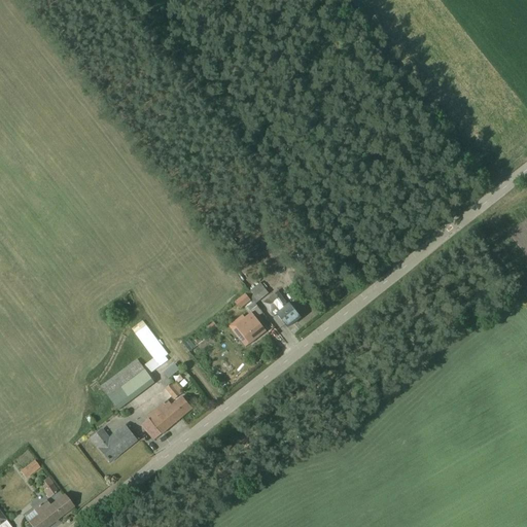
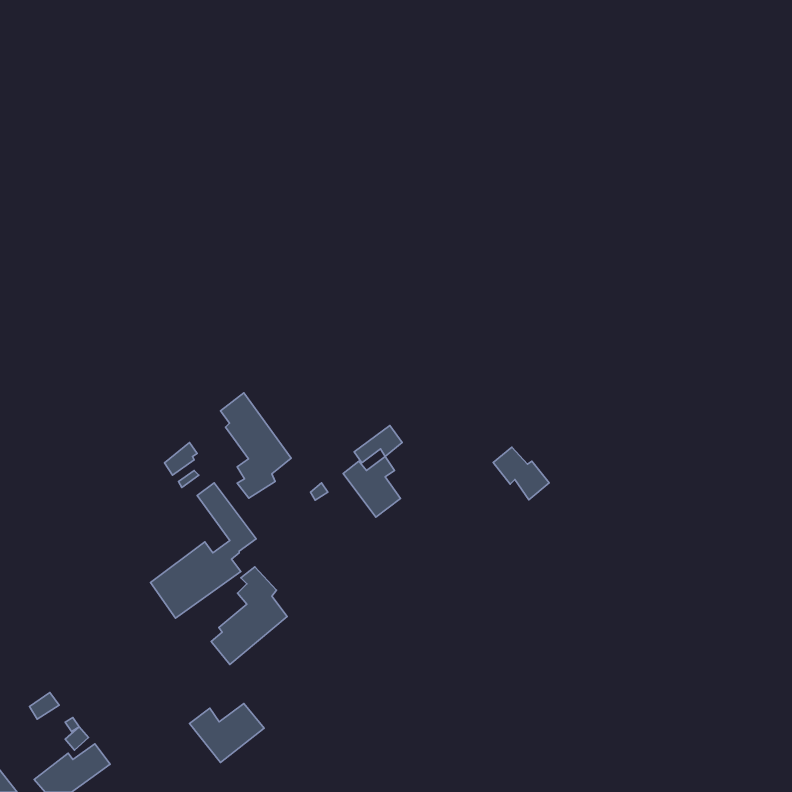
building: none -> [221,393,291,498]
building: [262,290,300,325] -> [493,447,549,500]
building: [87,424,137,463] -> [190,703,264,762]

